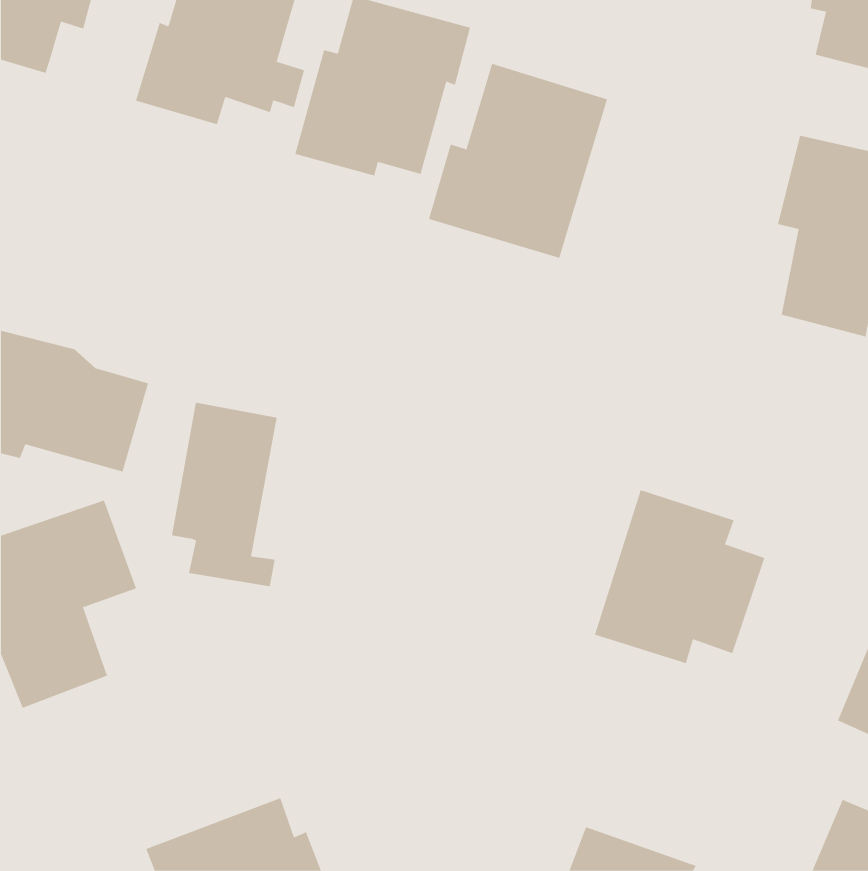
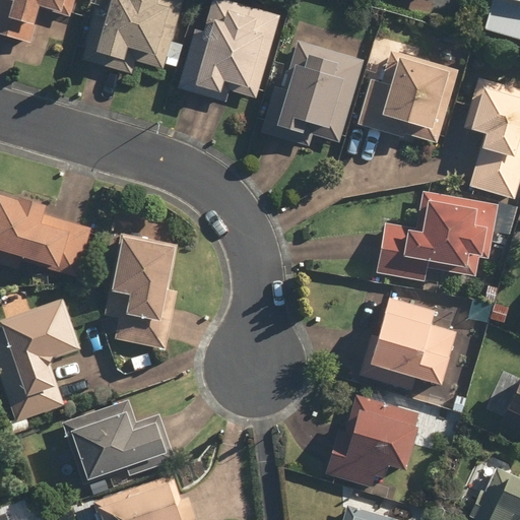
building: none -> [359,40,456,147]
building: none -> [373,191,494,282]
building: none -> [326,396,418,488]
building: none -> [62,400,176,484]

